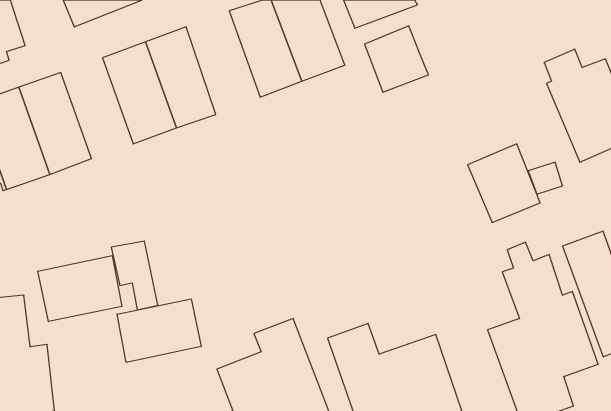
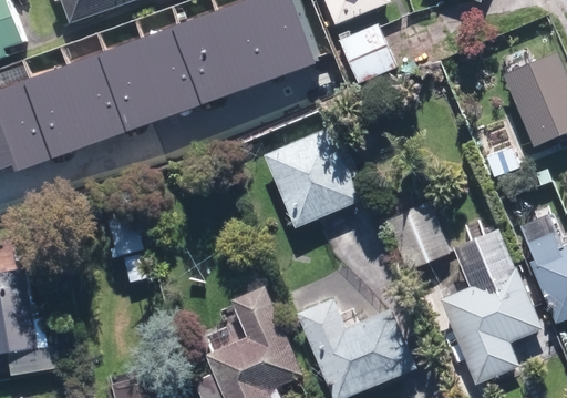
building: none -> [172,11,238,104]
building: none -> [59,53,124,144]
building: none -> [266,125,367,225]
building: [468,144,540,223] -> [383,200,449,271]
building: [38,255,122,322] -> none
building: [117,299,201,362] -> none

